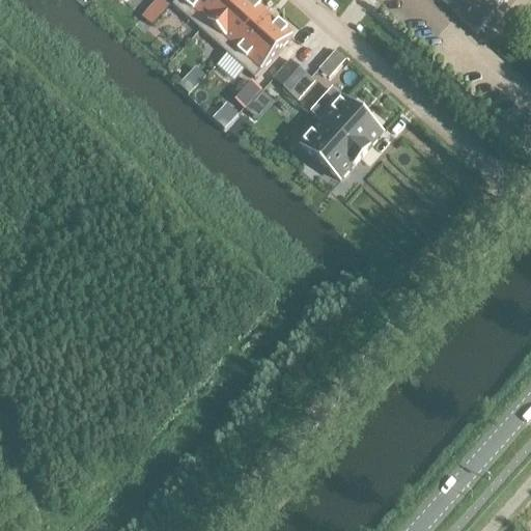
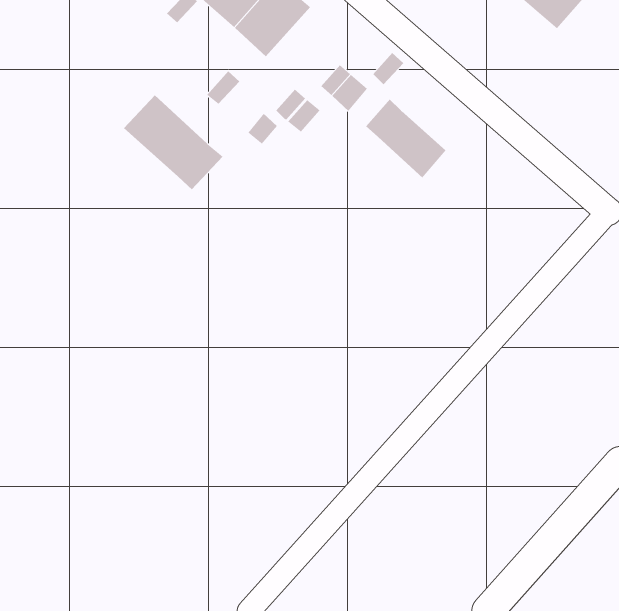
building: [228,6,294,73] -> none
building: none -> [123,95,224,190]
building: [303,117,362,175] -> none

